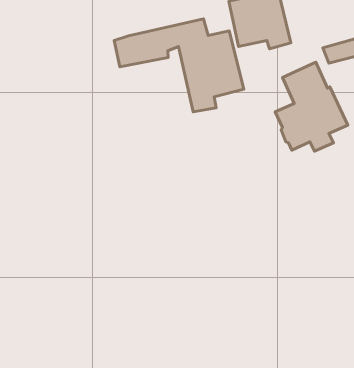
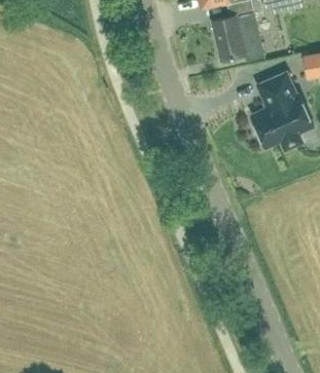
building: [114,19,244,112] -> none

